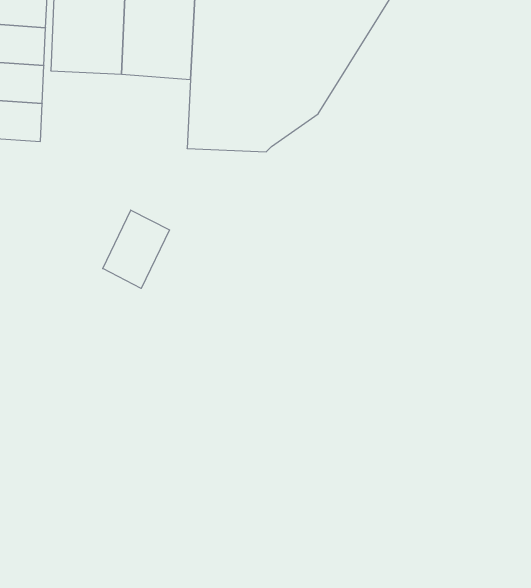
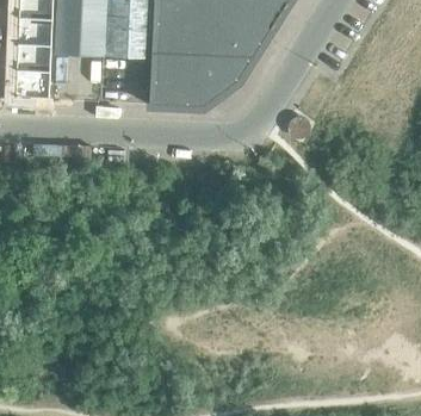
building: [103,210,169,288] -> none

